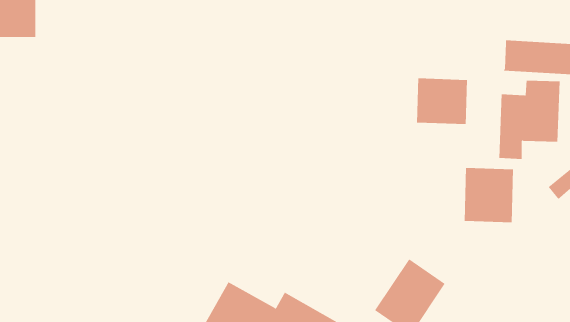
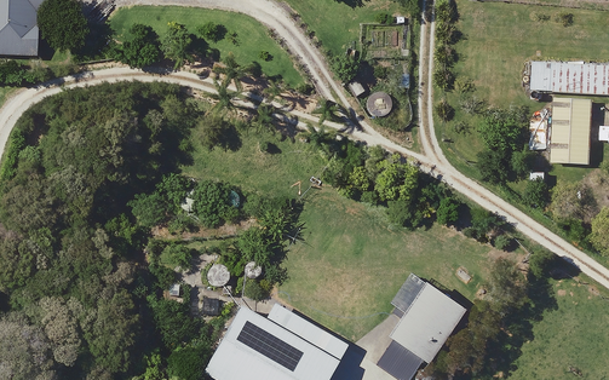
building: [417,78,467,125] -> none
building: [464,167,513,223] -> none

